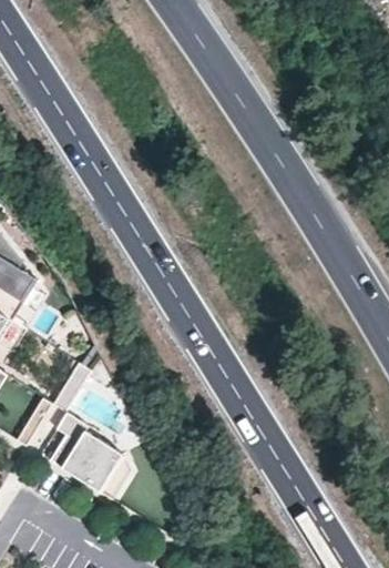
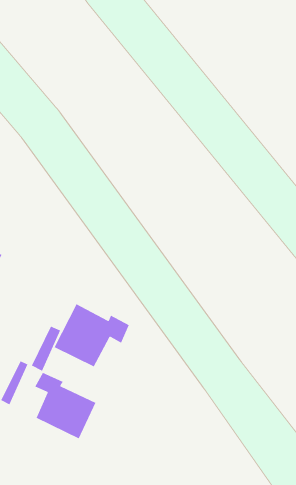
building: none -> [53,303,130,368]

